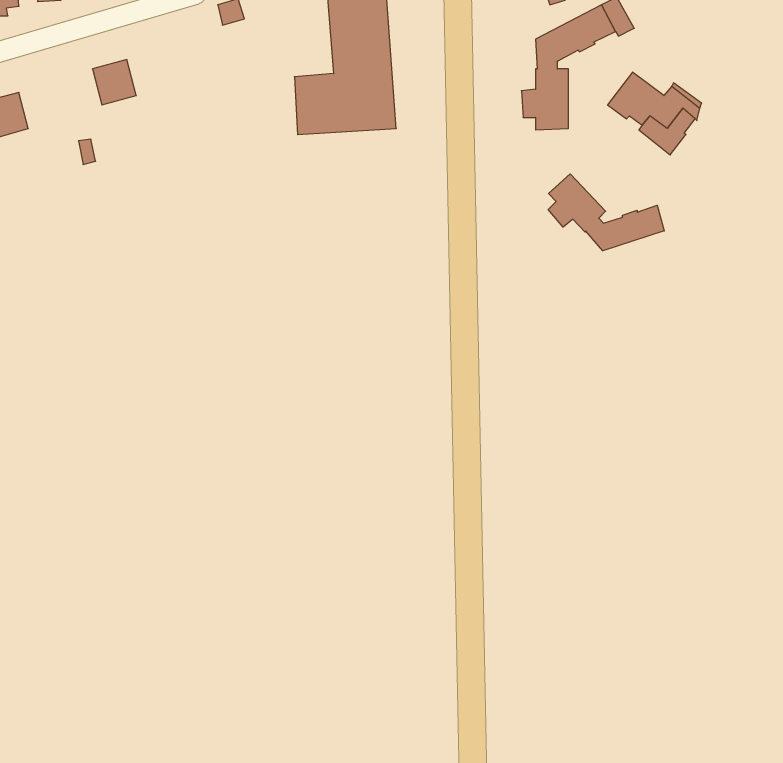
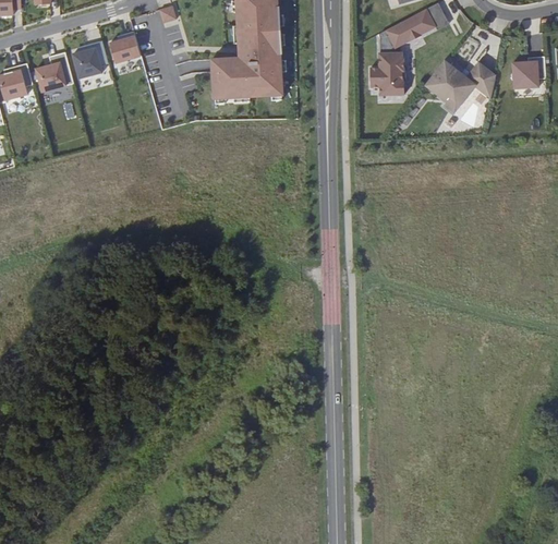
building: none -> [107,35,140,64]
building: none -> [512,57,546,88]
building: none -> [34,59,64,90]
building: [548,174,664,251] -> none

